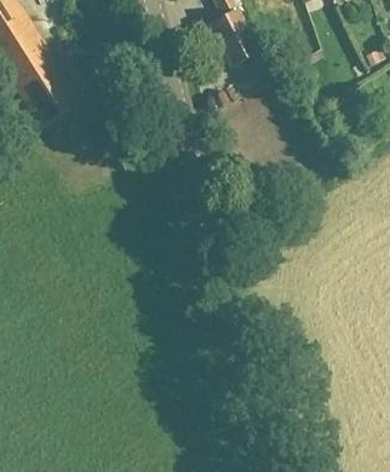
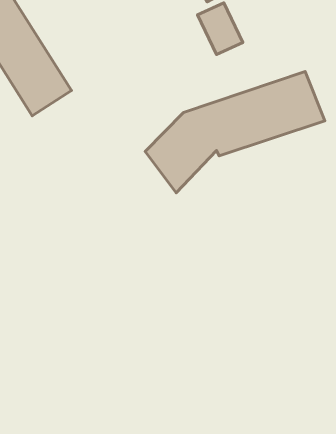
building: none -> [145,71,325,193]

